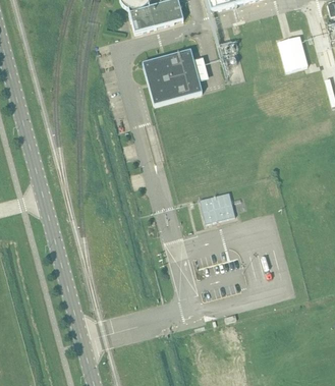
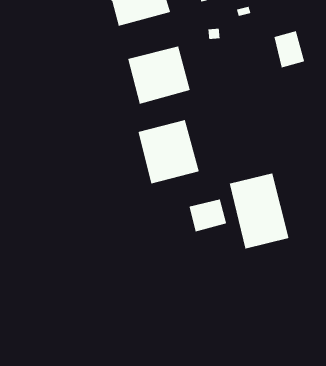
building: none -> [138,119,200,185]
building: none -> [229,173,289,250]

